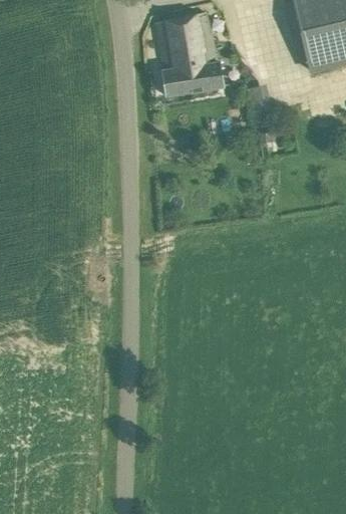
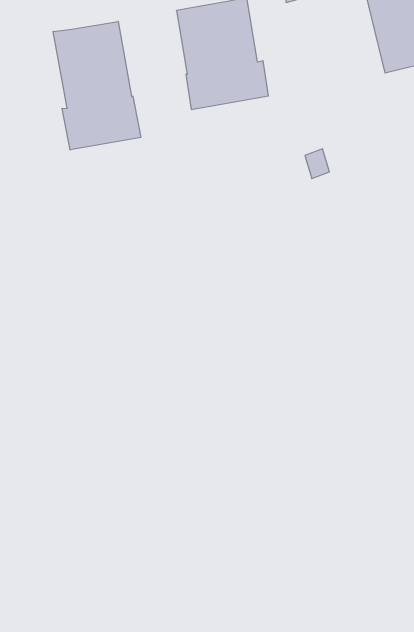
building: none -> [53,21,141,150]

